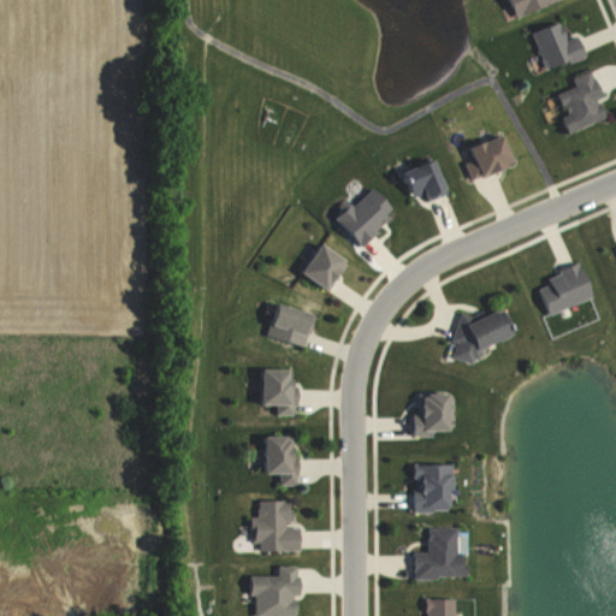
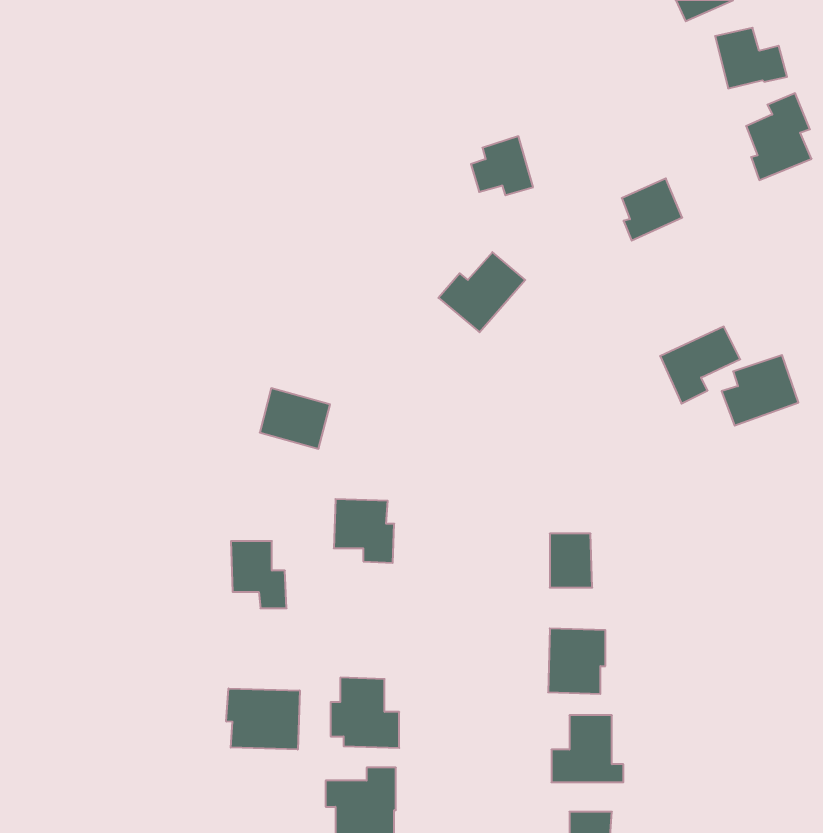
building: [403,158,449,201] -> [471,136,533,195]
building: [298,244,349,294] -> none
building: [265,303,316,348] -> [260,388,330,449]
building: [451,309,510,366] -> [660,327,740,404]
building: [260,437,301,486] -> [231,541,287,608]
building: none -> [226,688,300,750]

